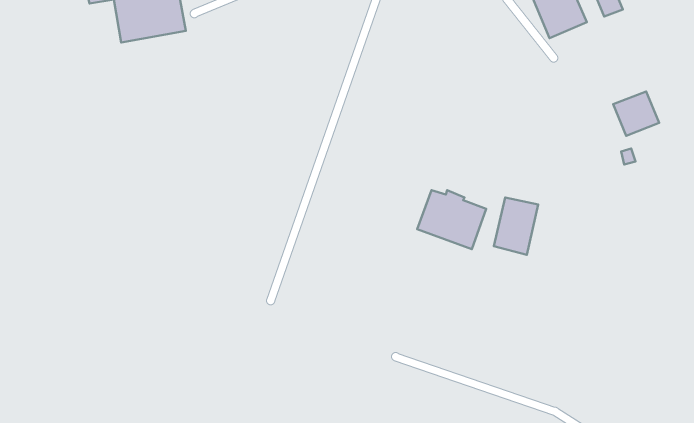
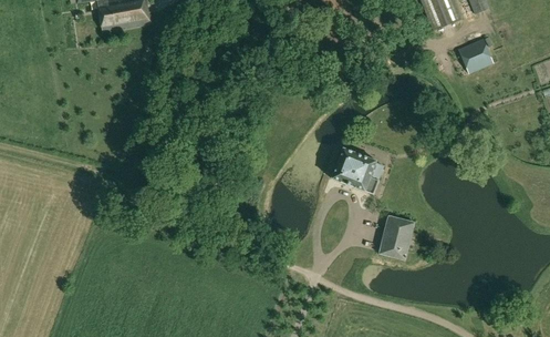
building: [613,91,659,136] -> [457,39,492,73]
building: [494,197,538,255] -> [378,215,413,259]

